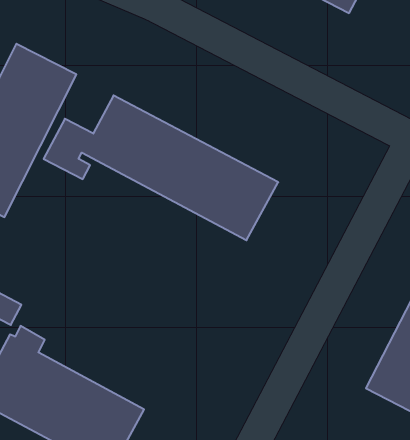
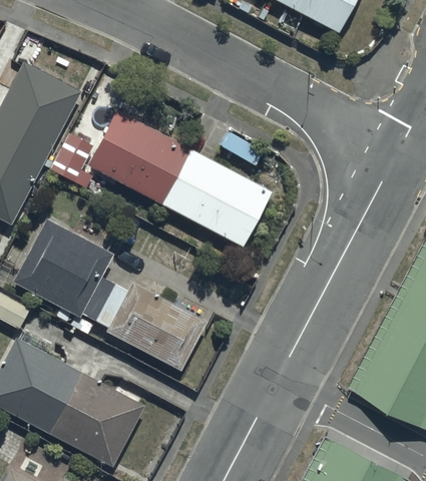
building: none -> [13,219,204,368]

